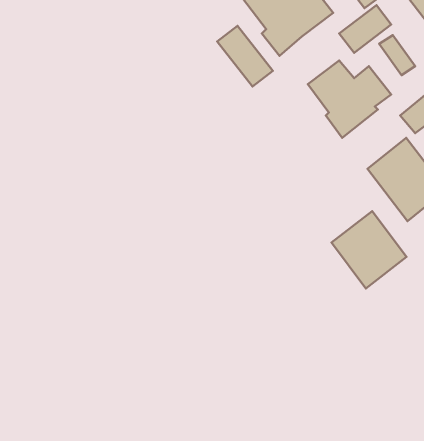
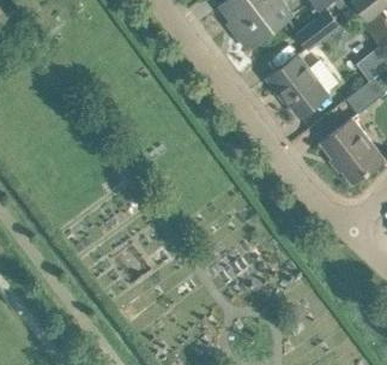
building: [217,26,273,87] -> none
building: [332,211,407,288] -> none

